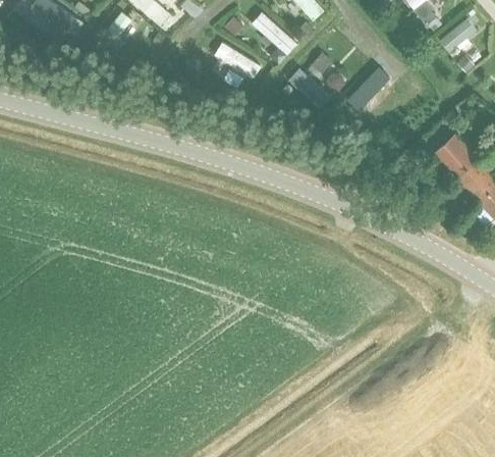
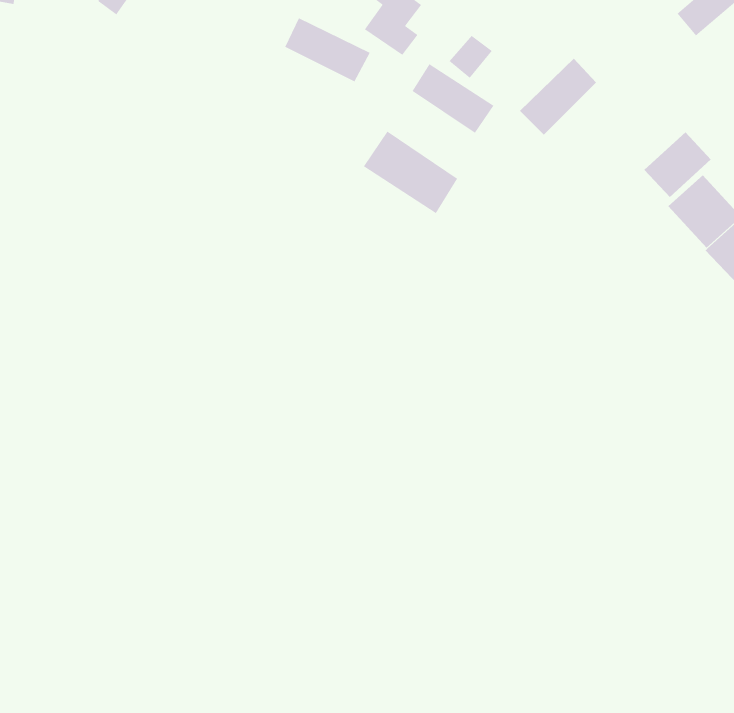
building: none -> [363,130,458,214]
building: none -> [644,132,712,198]

